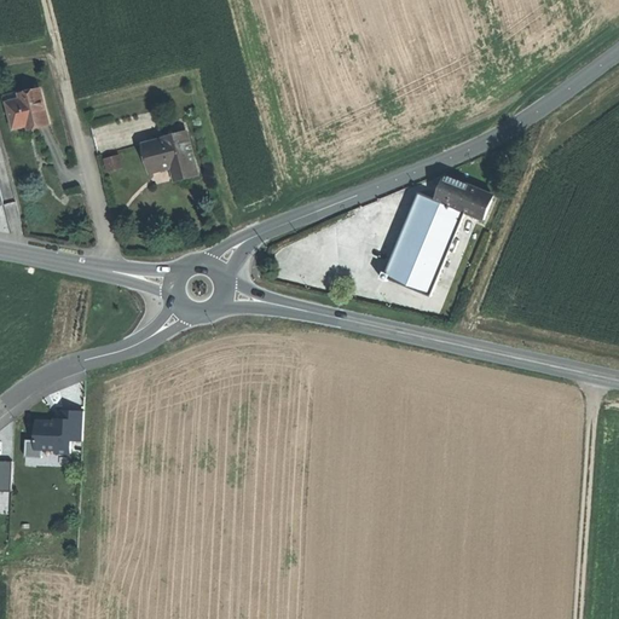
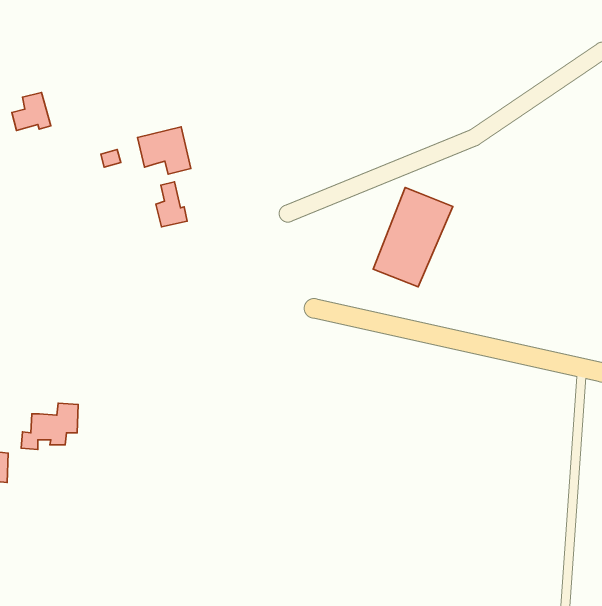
building: [428,172,492,219] -> none
building: none -> [156,182,187,227]

